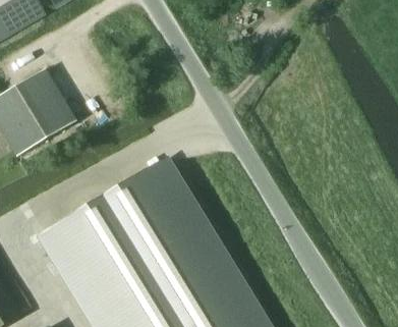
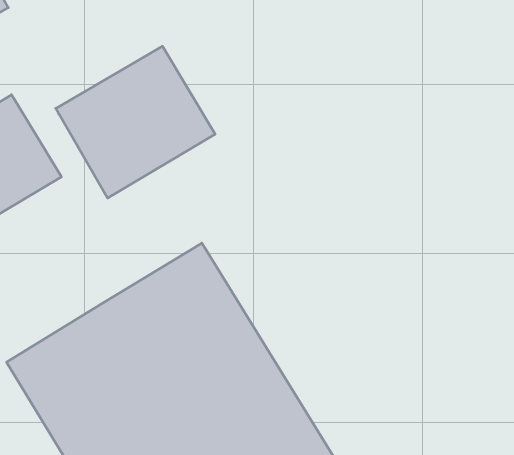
building: none -> [56,46,215,198]

